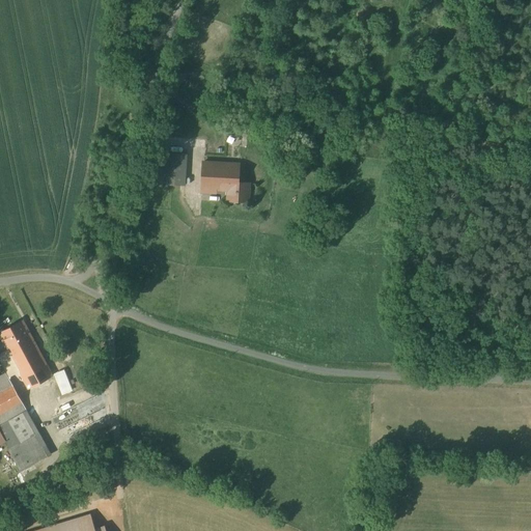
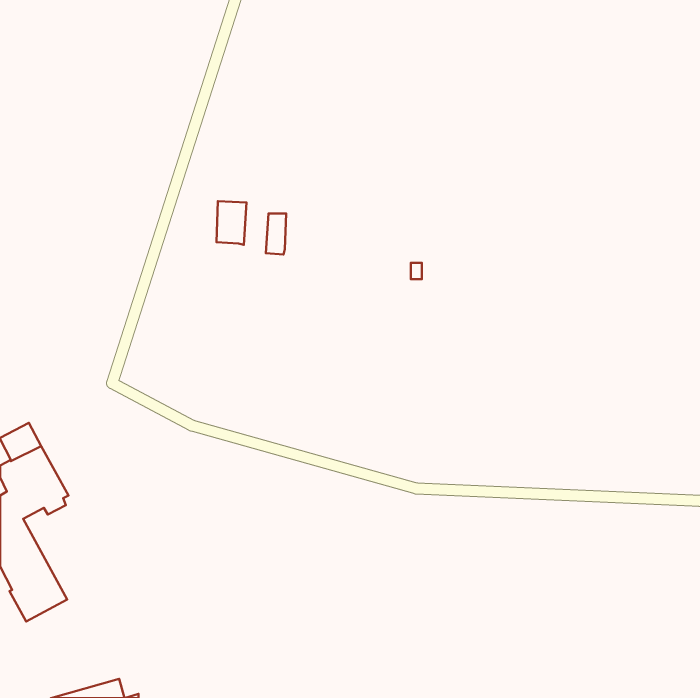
building: [216,162,249,201] -> none

